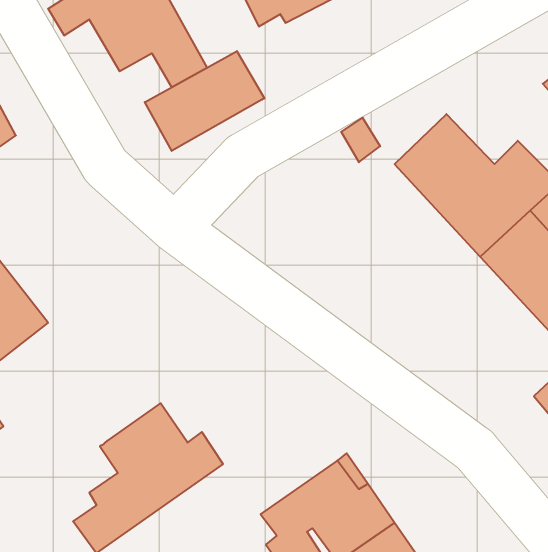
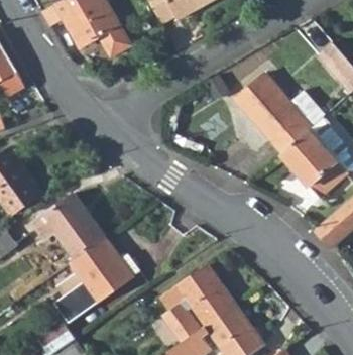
building: [145,51,265,151] -> none
building: none -> [29,193,104,258]

